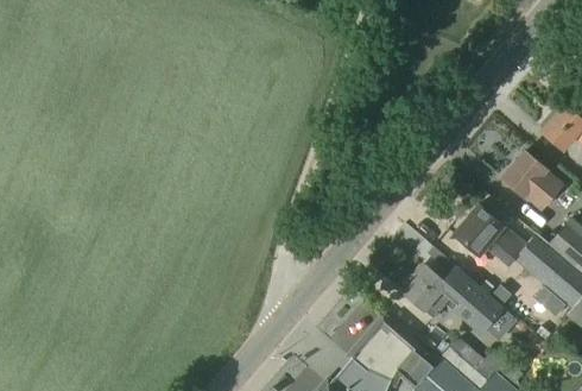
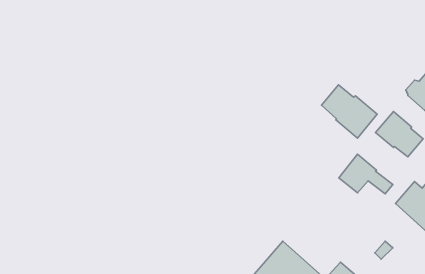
building: none -> [321,85,377,138]
building: [404,265,504,327] -> none

